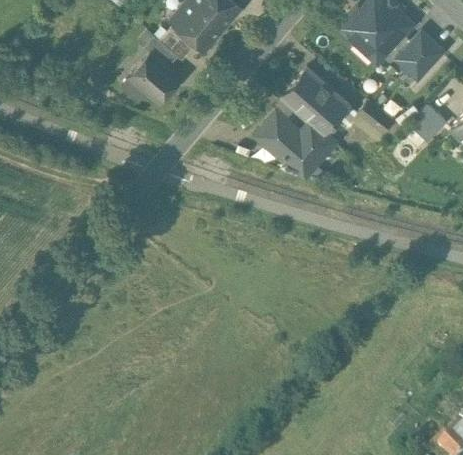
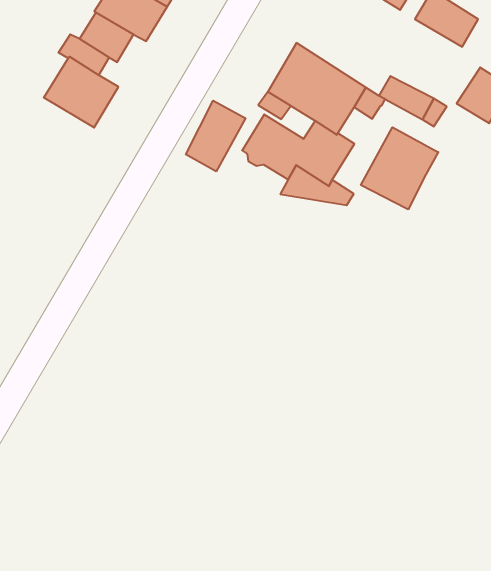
building: none -> [186,101,245,171]
building: none -> [361,127,438,209]

